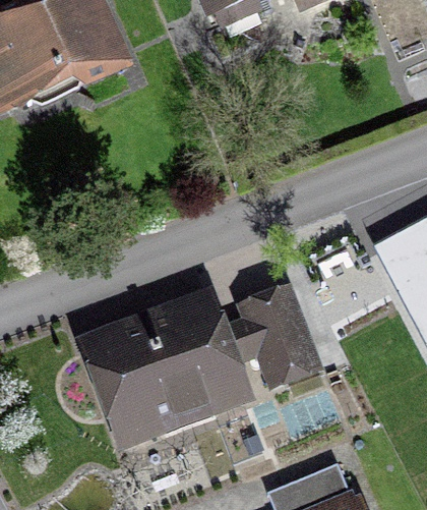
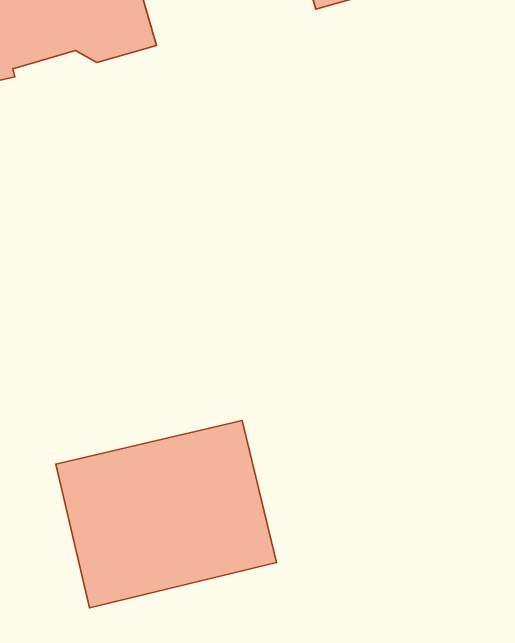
building: [241,296,311,385] -> none

